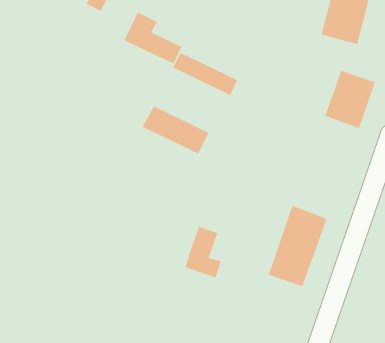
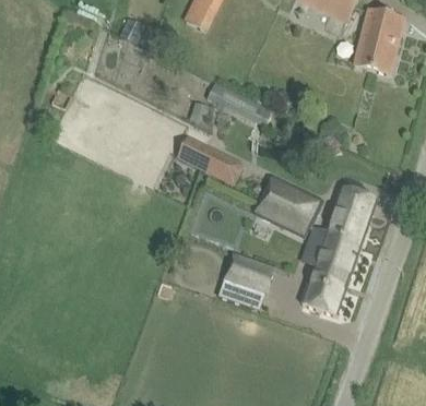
building: [124,11,183,65] -> none
building: [324,70,376,129] -> [326,187,377,246]
building: none -> [256,177,312,235]

